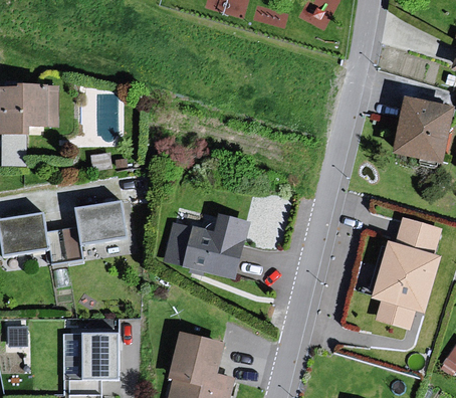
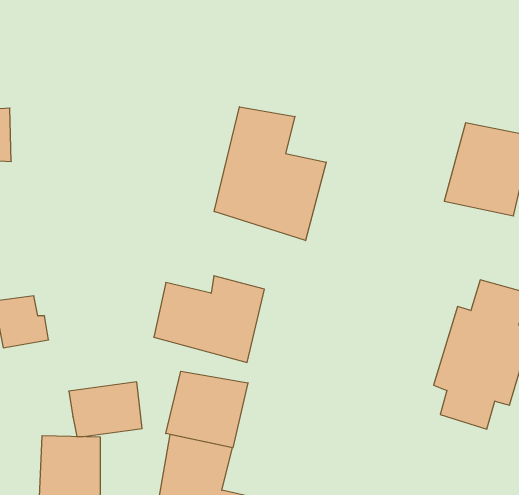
building: none -> [214,107,326,241]
building: [68,201,124,242] -> [69,382,142,437]
building: none -> [166,371,248,448]

